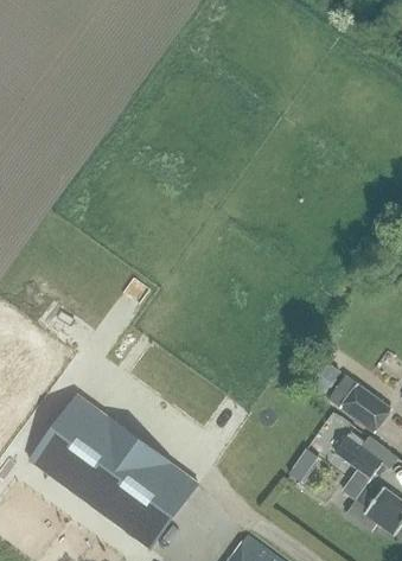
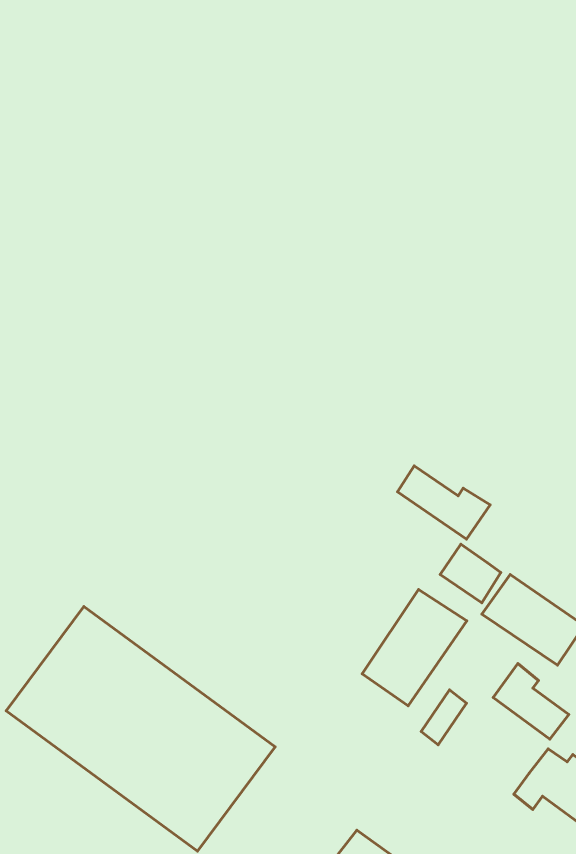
building: none -> [398,466,490,539]
building: none -> [362,589,467,706]

